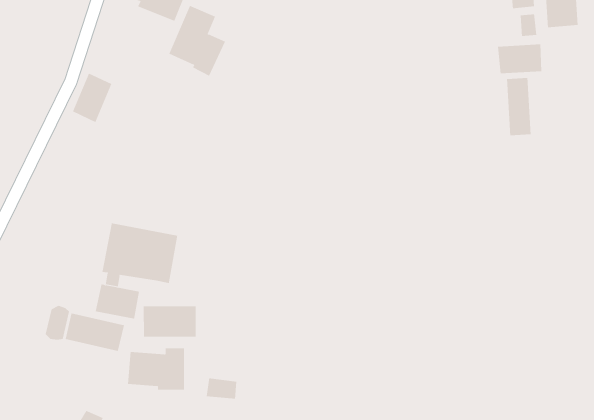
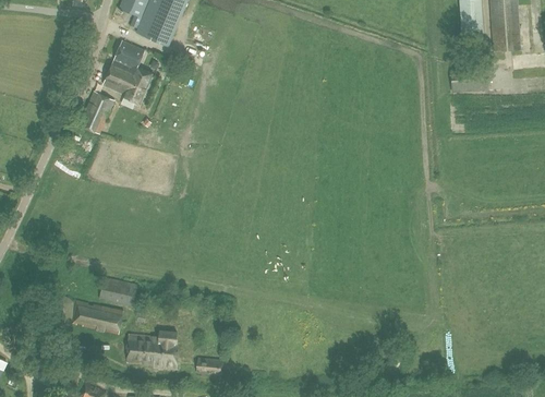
building: [168,5,226,76] -> [102,41,153,104]
building: [506,77,531,136] -> none
building: [102,223,178,287] -> none
building: [143,305,196,338] -> none

